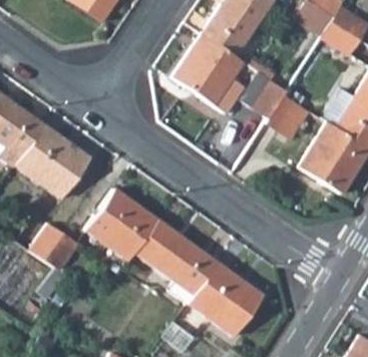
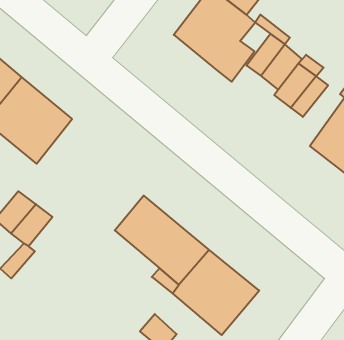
building: [86,189,158,261] -> none

